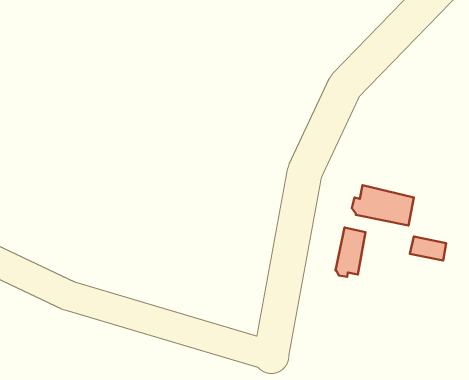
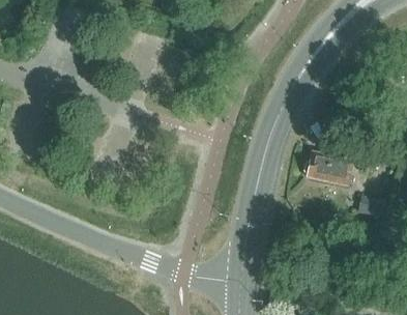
building: [336,227,365,277] -> none

